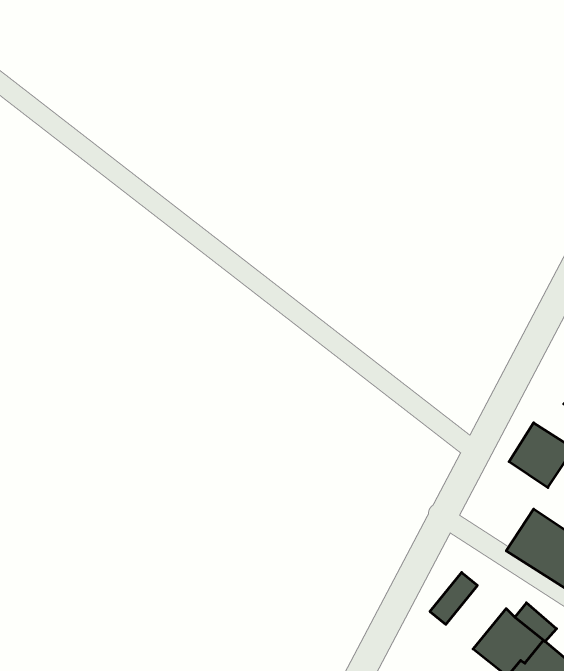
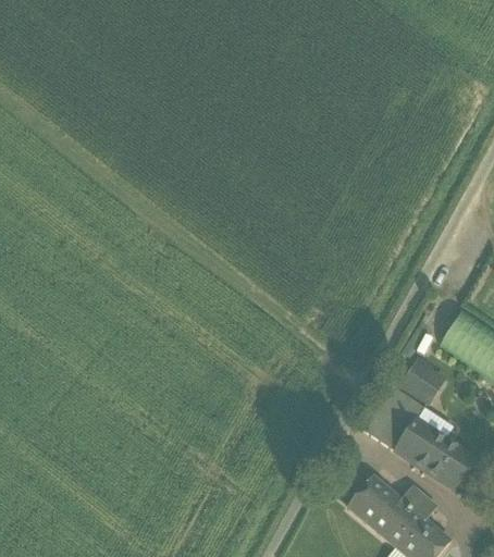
building: none -> [363,397,420,453]
building: none -> [354,479,399,527]

